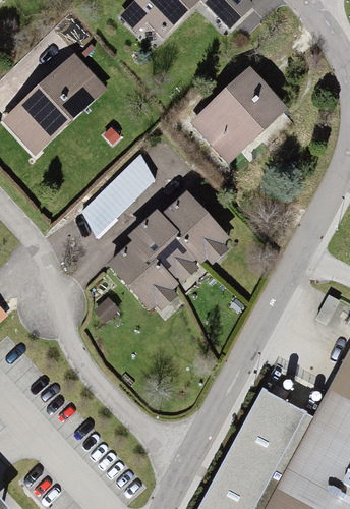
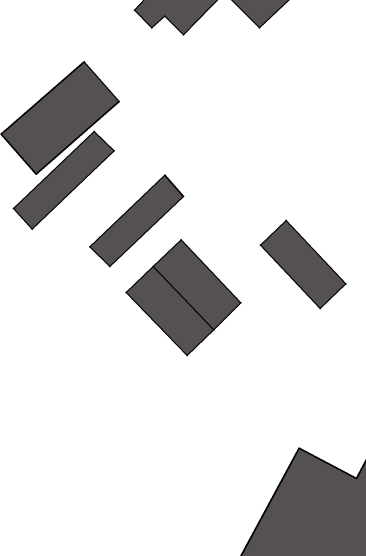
building: [193,65,281,154] -> none
building: none -> [13,131,114,229]
building: [160,190,234,267] -> [261,221,346,308]

